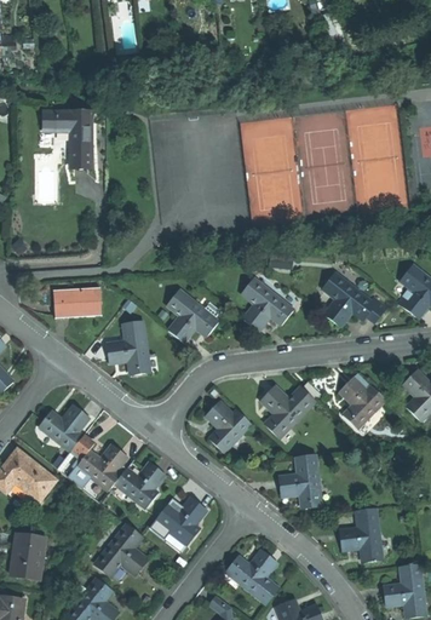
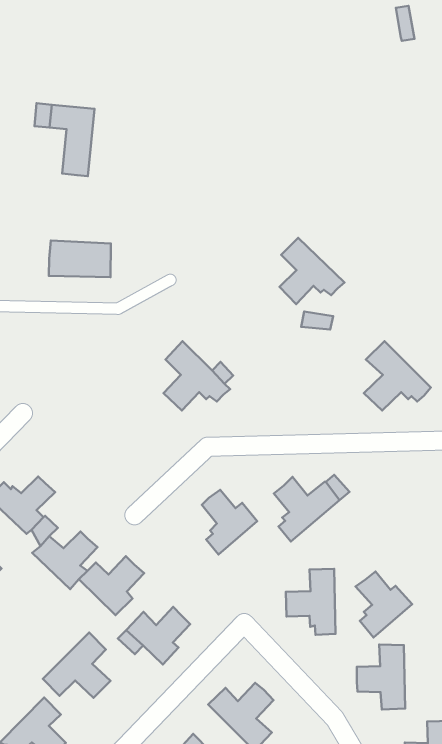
building: [242,280,294,332] -> [279,238,345,304]
building: [53,288,103,318] -> [49,241,111,277]
building: [107,320,149,373] -> none
building: [339,377,385,429] -> [355,571,412,637]

